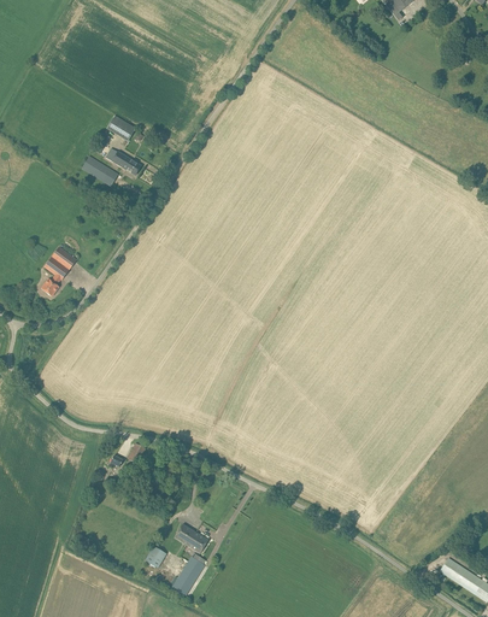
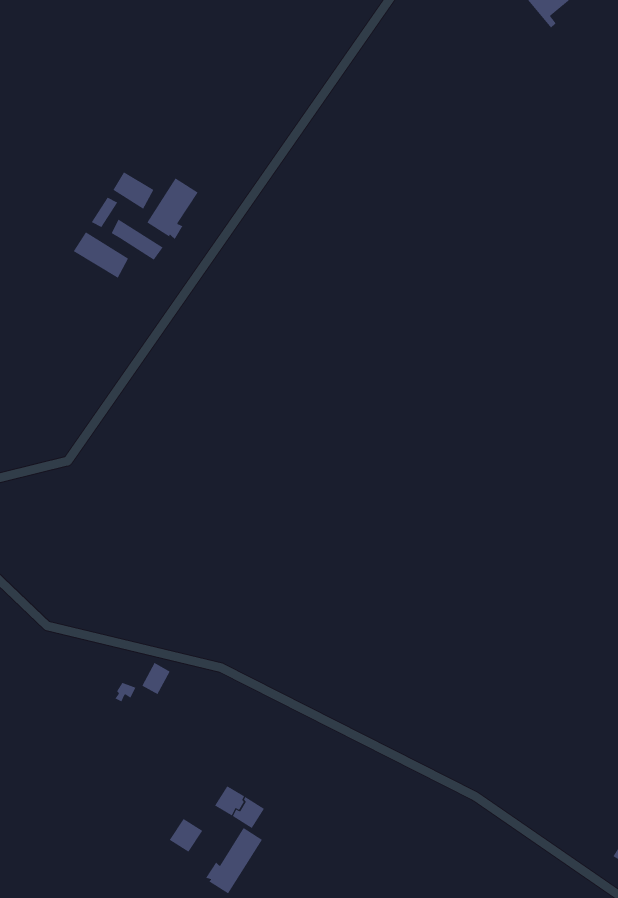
building: none -> [146,178,199,240]
building: [41,247,76,295] -> none

